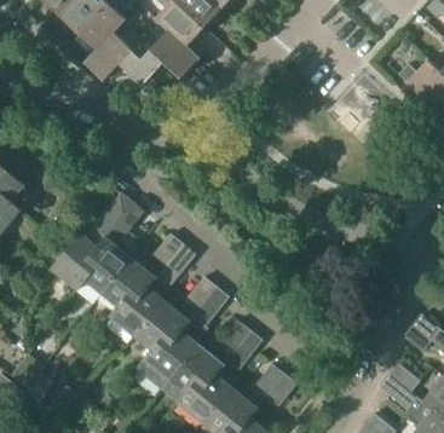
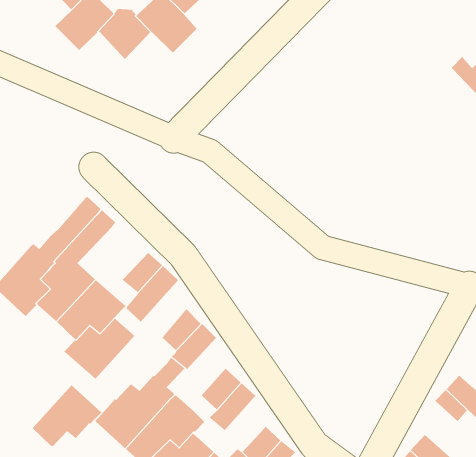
building: [137,300,191,351] -> [32,385,102,448]

